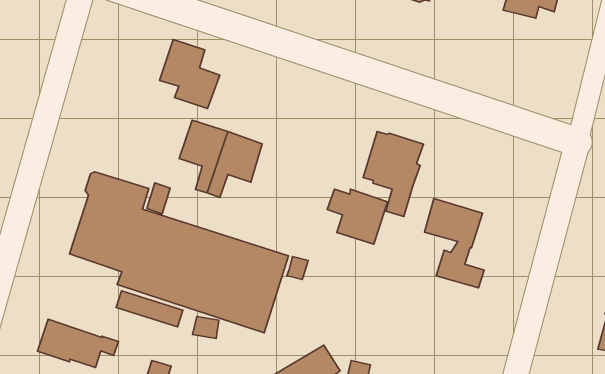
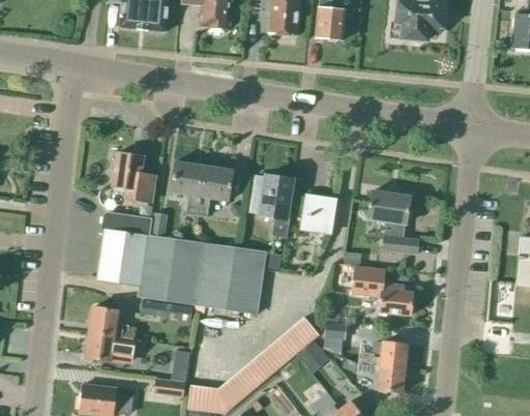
building: [160,39,220,108] -> [112,152,157,201]
building: [363,131,424,217] -> [251,175,293,237]
building: none -> [89,306,135,338]
building: none -> [352,266,412,315]

